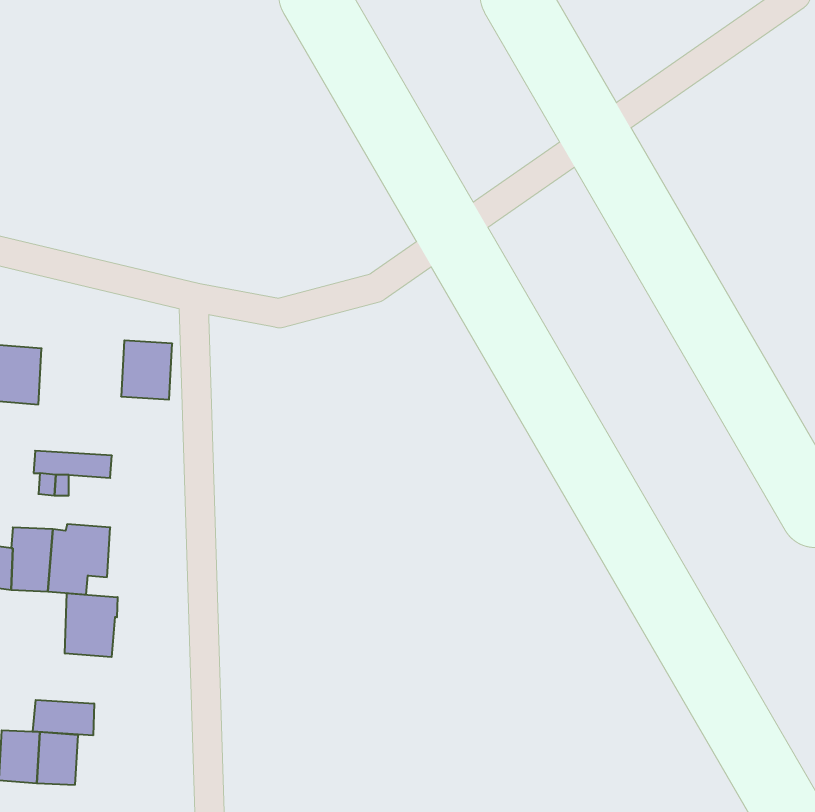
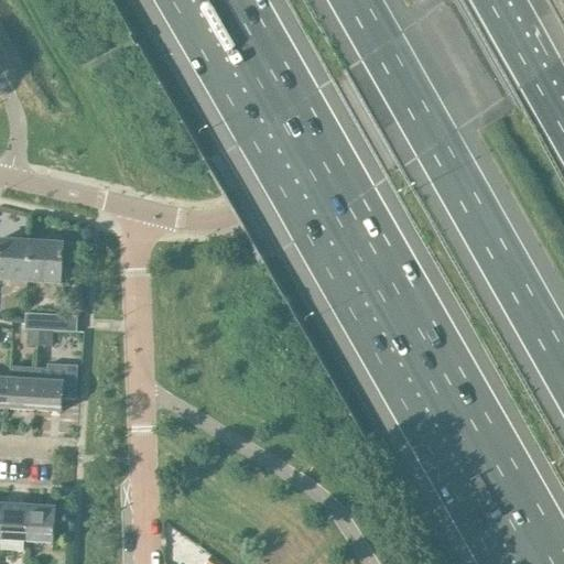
building: [121,340,172,400] -> [26,240,62,281]
building: [65,593,118,657] -> none
building: [33,700,94,735] -> none

